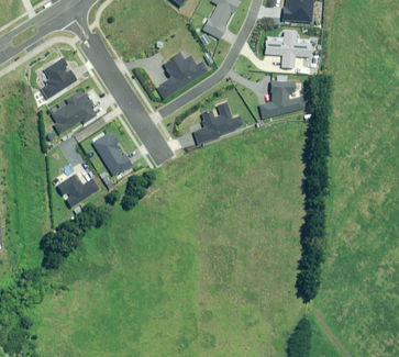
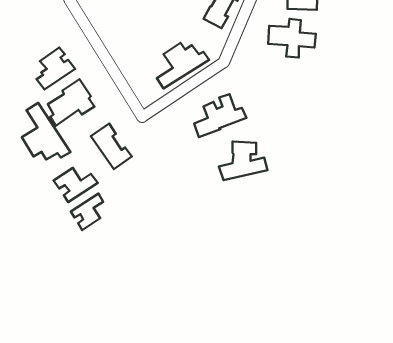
building: [258,80,306,118] -> [219,142,268,180]
building: none -> [22,103,70,159]
building: none -> [71,193,103,230]

